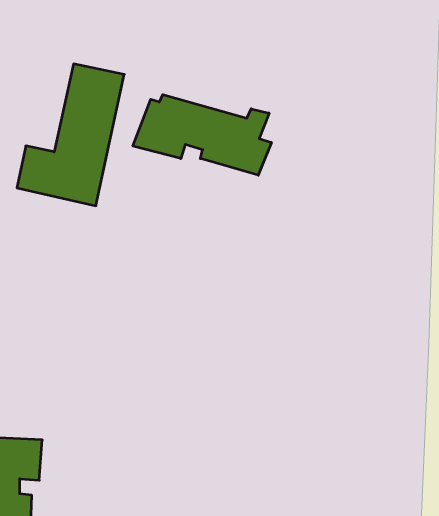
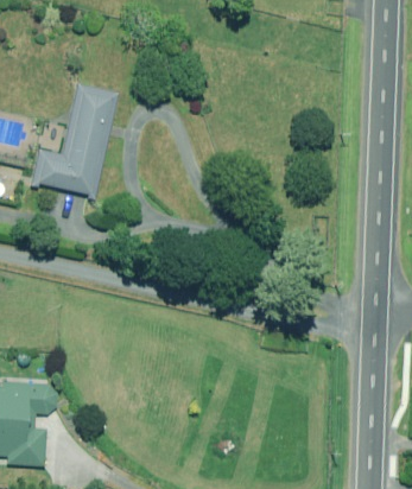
building: [133,95,271,175] -> none

